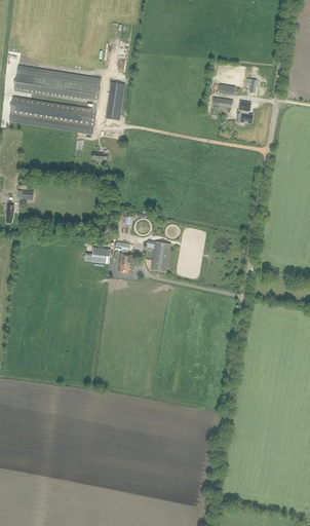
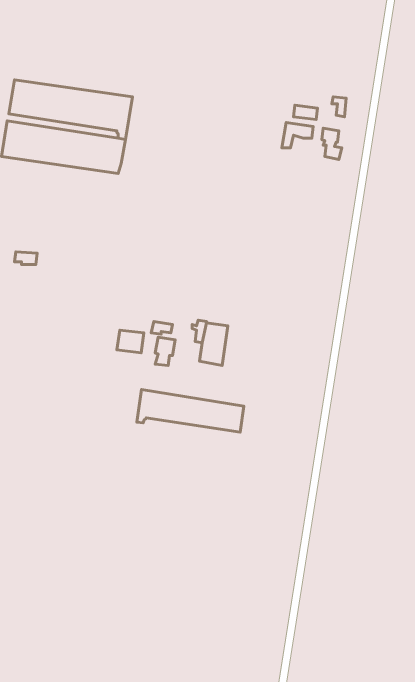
building: [105,81,124,119] -> none
building: none -> [137,390,244,432]

